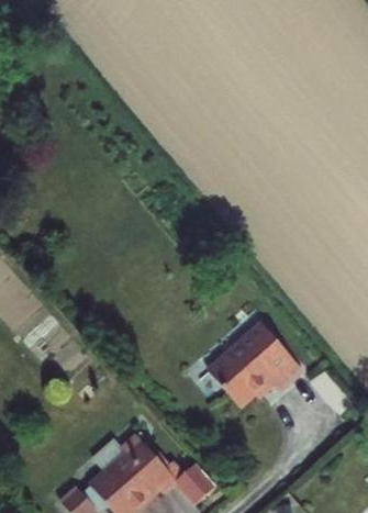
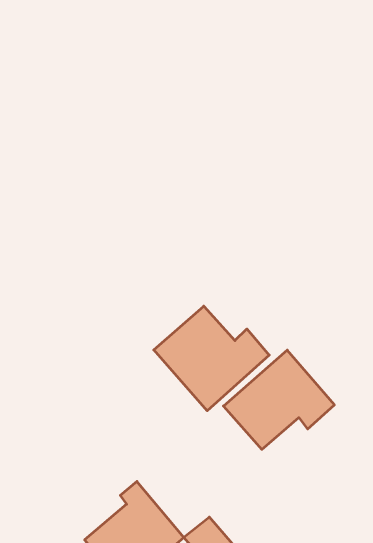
building: none -> [154,306,269,411]

